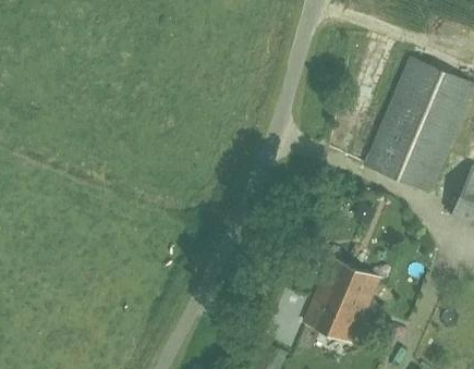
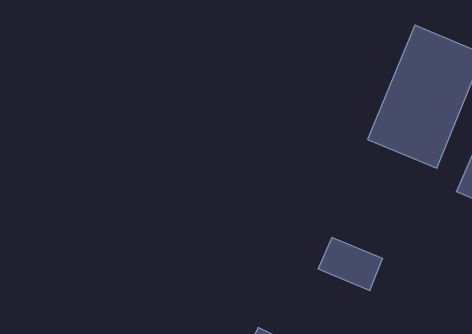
building: [304,287,367,343] -> none

